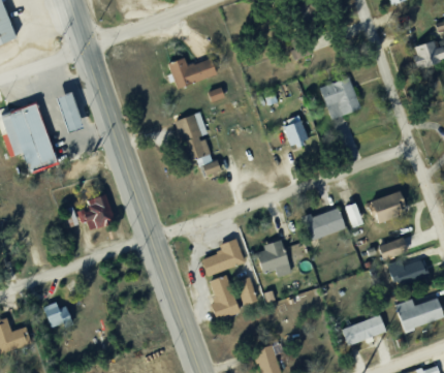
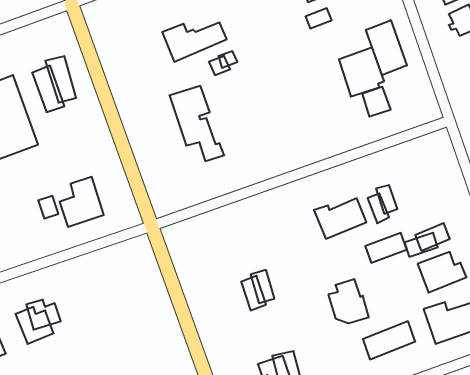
building: none -> [366,20,407,75]
building: [284,119,309,145] -> [362,87,391,117]
building: [368,190,404,216] -> [365,233,407,263]
building: [201,237,246,276] -> none
building: [257,239,292,277] -> [328,279,369,323]
building: [210,275,240,320] -> none

